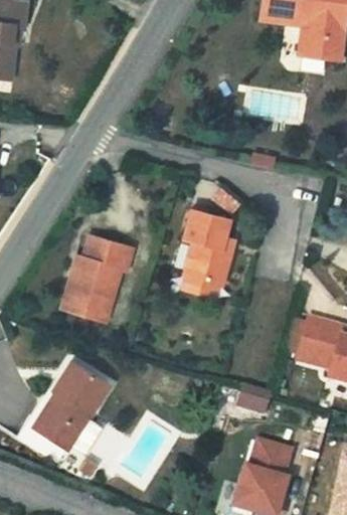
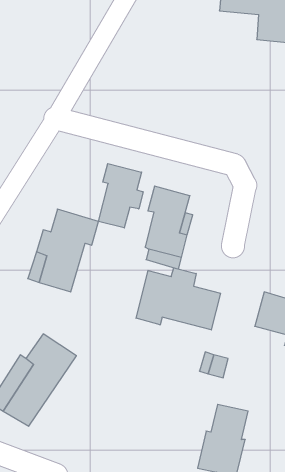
building: none -> [98,164,143,228]
building: none -> [136,268,220,330]

